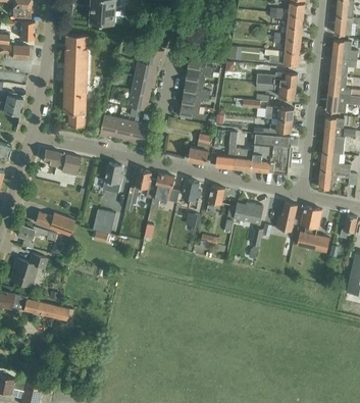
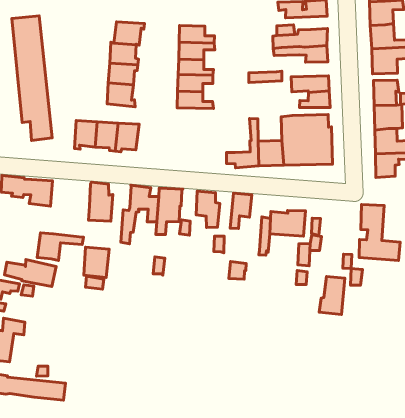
building: [188,134,212,163] -> none
building: none -> [37,233,84,260]
building: [275,201,298,231] -> [319,276,345,315]

